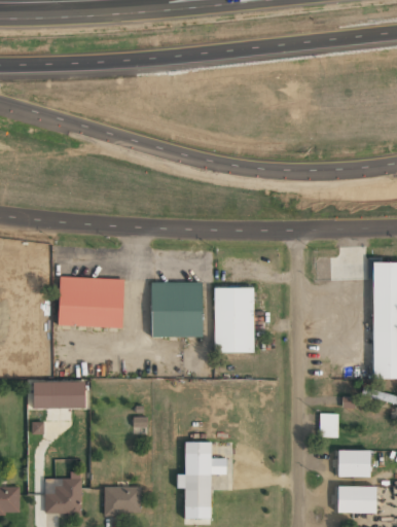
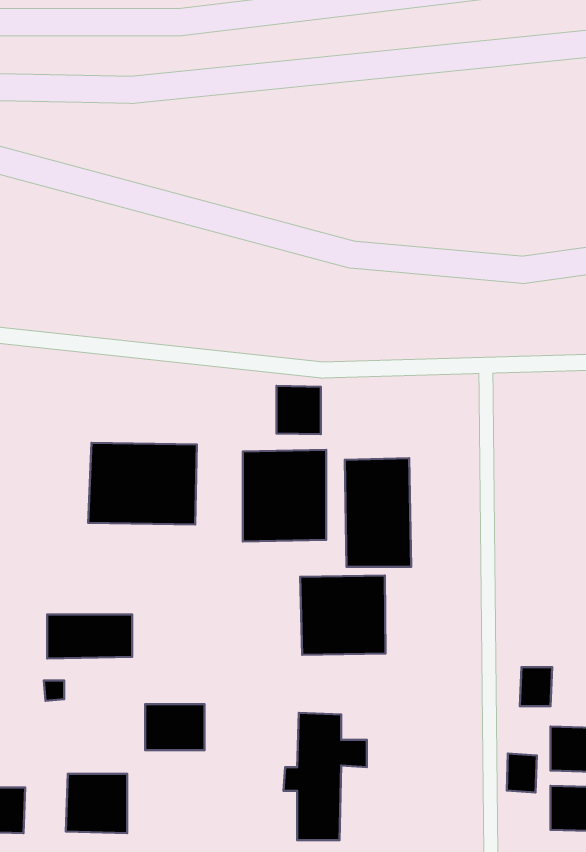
building: none -> [276,386,321,434]
building: none -> [300,576,386,655]
building: none -> [507,754,537,793]
building: [104,486,140,514] -> [145,704,205,750]

